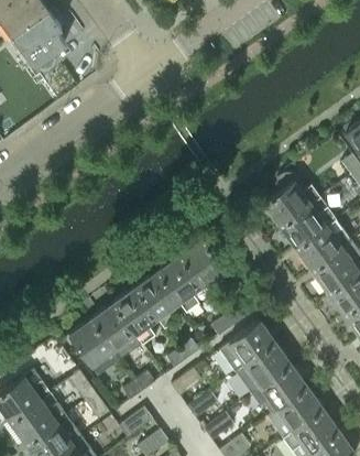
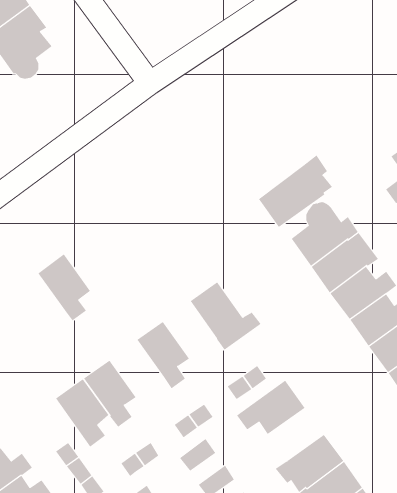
building: none -> [258,154,333,228]
building: [157,254,201,312] -> none
building: [113,286,157,343] -> [38,253,91,321]
building: [234,343,291,387] -> none

